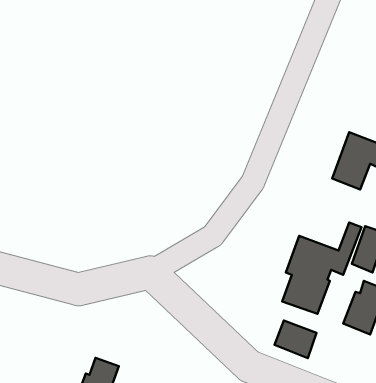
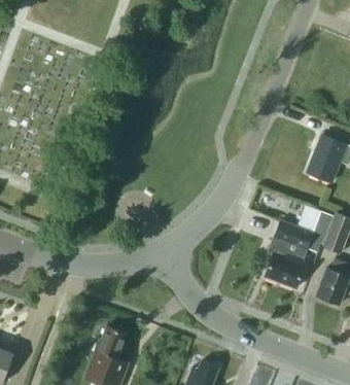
building: [274,320,317,358] -> none

